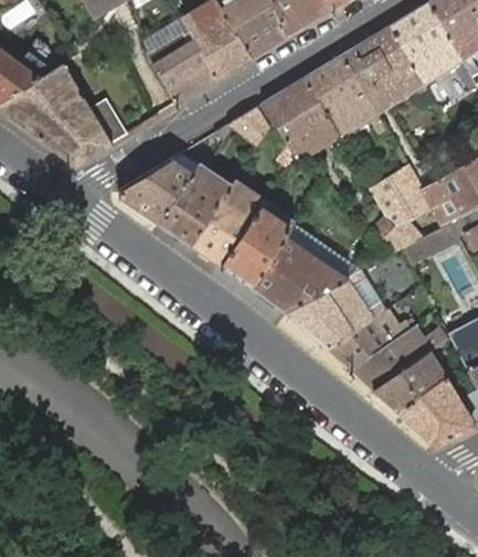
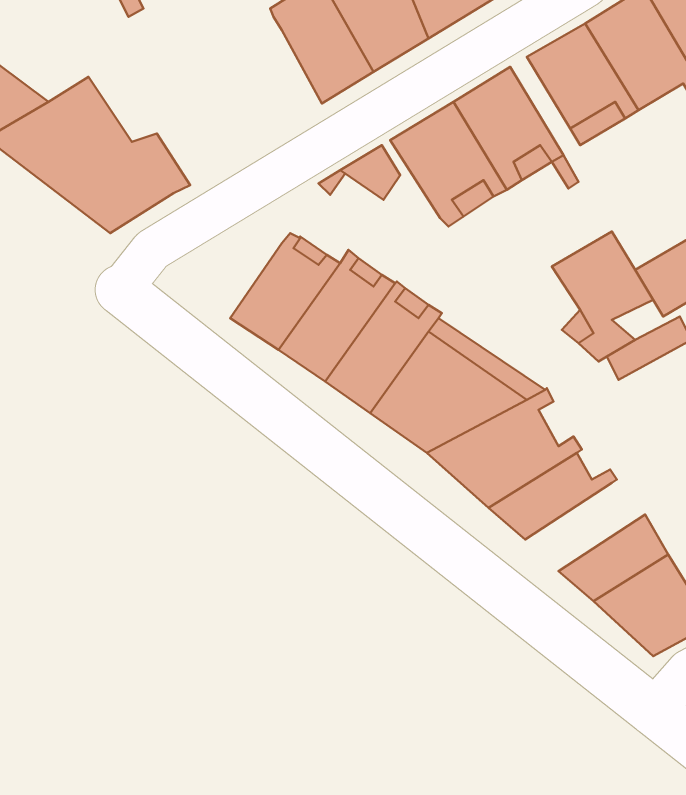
building: [148,29,216,104] -> none
building: [118,152,195,221] -> none
building: [351,329,449,388] -> none

